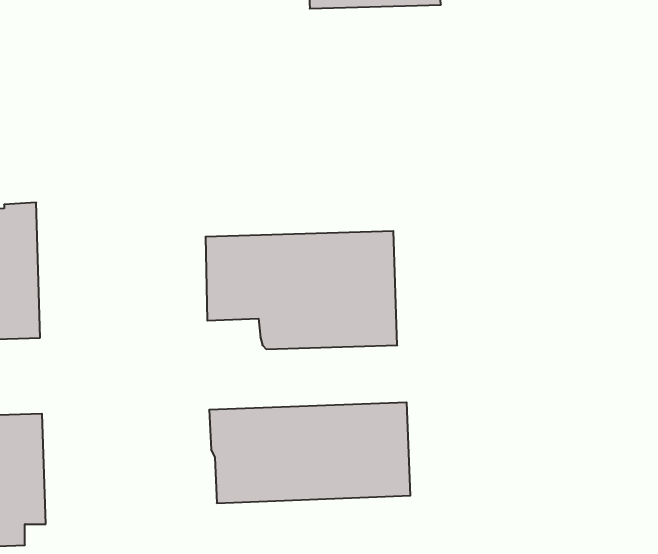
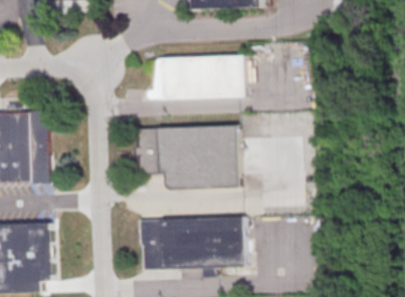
building: none -> [161,55,245,100]

